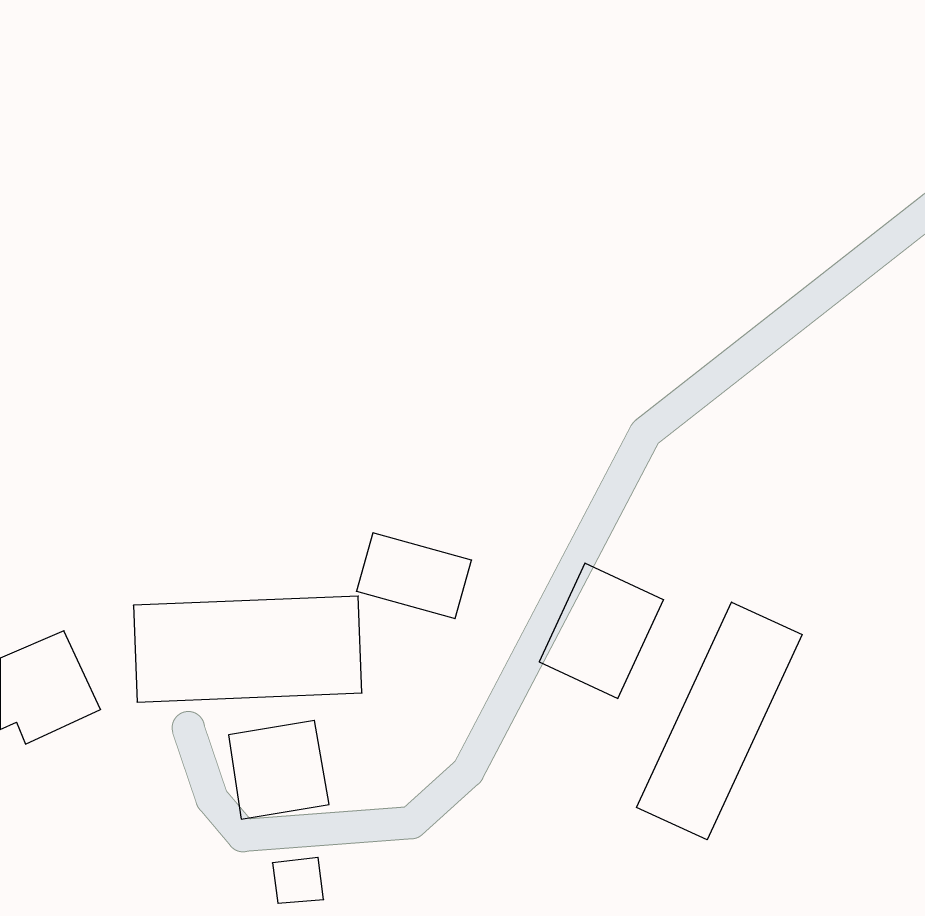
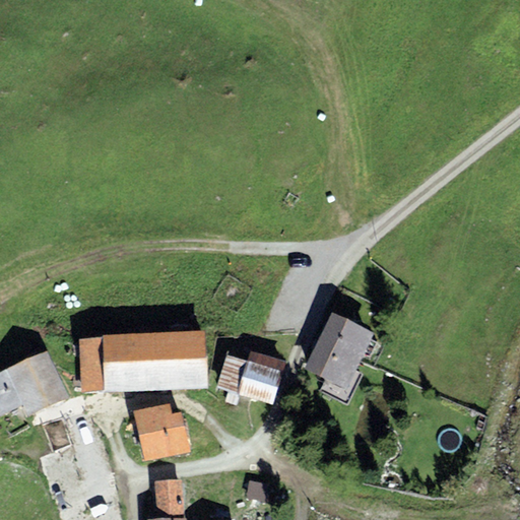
building: [356,533,472,619] -> [217,354,281,402]
building: [637,602,802,840] -> none

